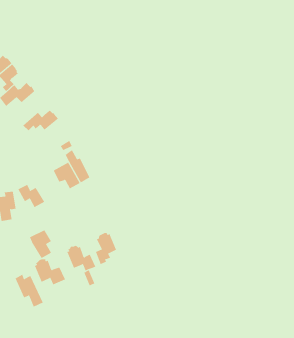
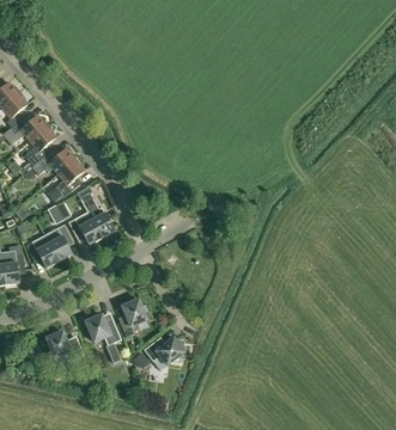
building: none -> [24,125,55,167]
building: none -> [47,159,84,202]
building: [29,229,52,259] -> [44,225,72,260]
building: none -> [144,337,184,364]
building: [15,274,43,307] -> none

